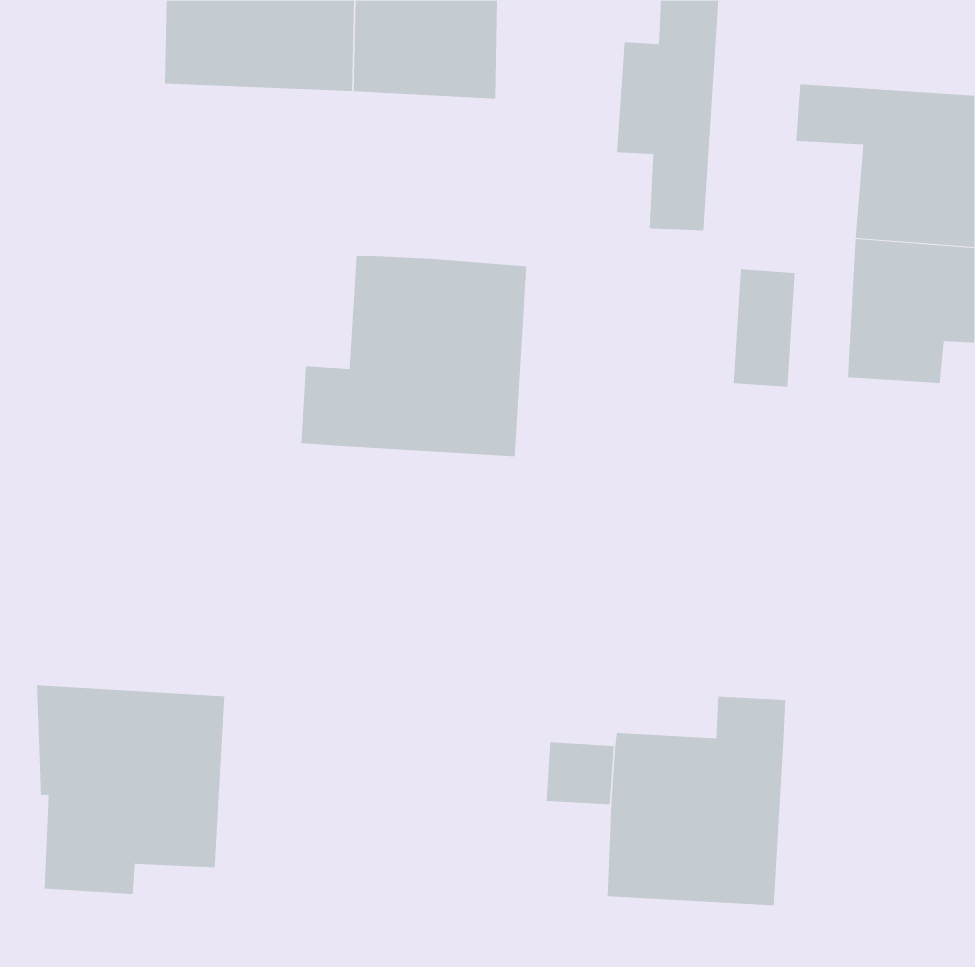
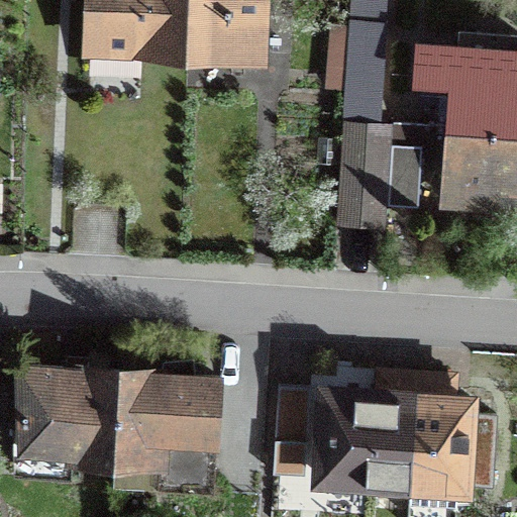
building: none -> [339,125,387,227]
building: [301,255,527,457] -> none
building: none -> [114,361,219,491]
building: none -> [409,375,486,509]

